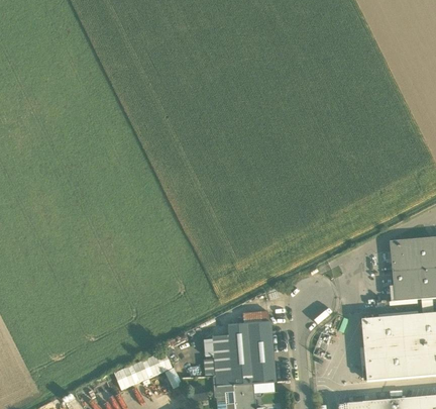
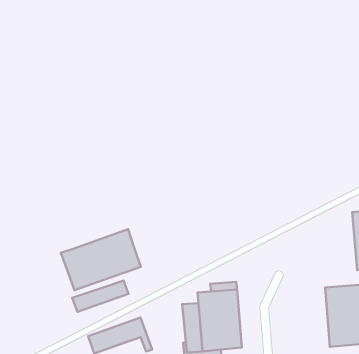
building: none -> [61,229,141,290]
building: none -> [72,281,128,312]

